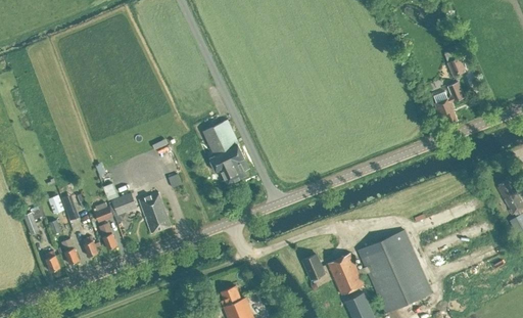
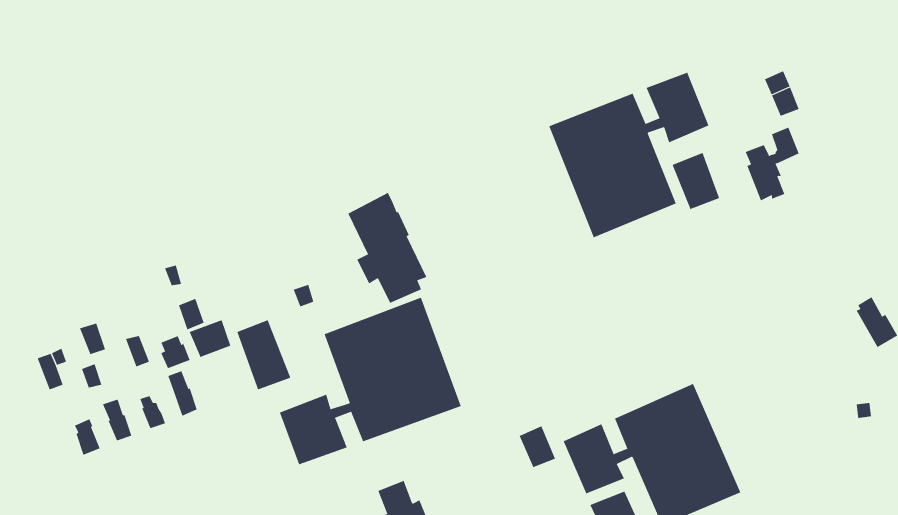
building: none -> [549,72,709,238]
building: none -> [672,152,720,210]
building: none -> [279,297,462,465]

